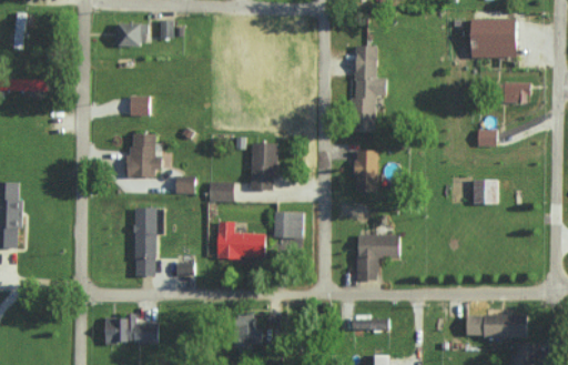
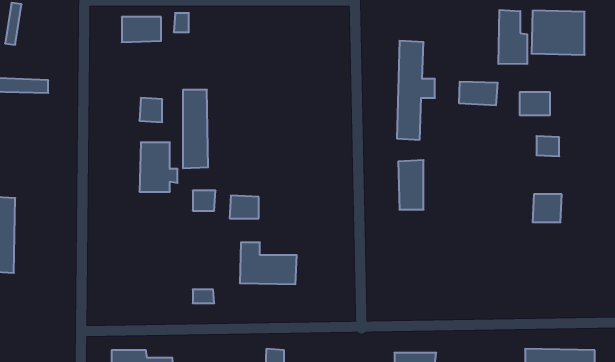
building: none -> [498,10,527,64]
building: none -> [459,82,498,105]
building: [503,82,529,102] -> [520,92,550,115]
building: [250,143,275,190] -> none
building: [134,207,156,276] -> [183,90,208,168]
building: [272,211,302,249] -> none
building: [356,236,399,280] -> none

